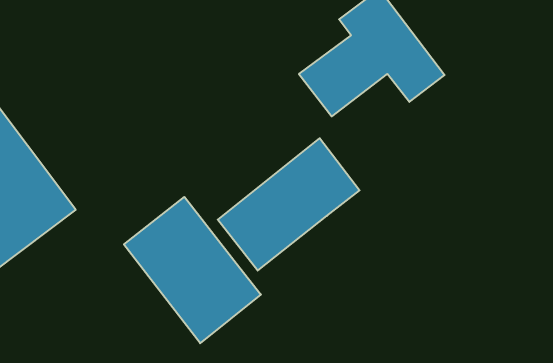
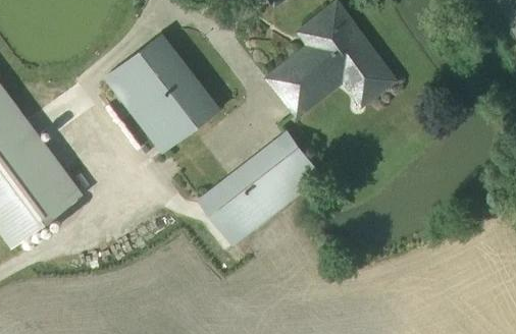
building: none -> [104,36,220,155]
building: [124,197,261,343] -> none

